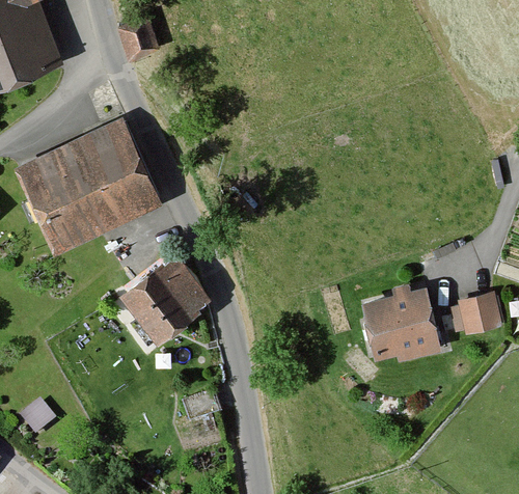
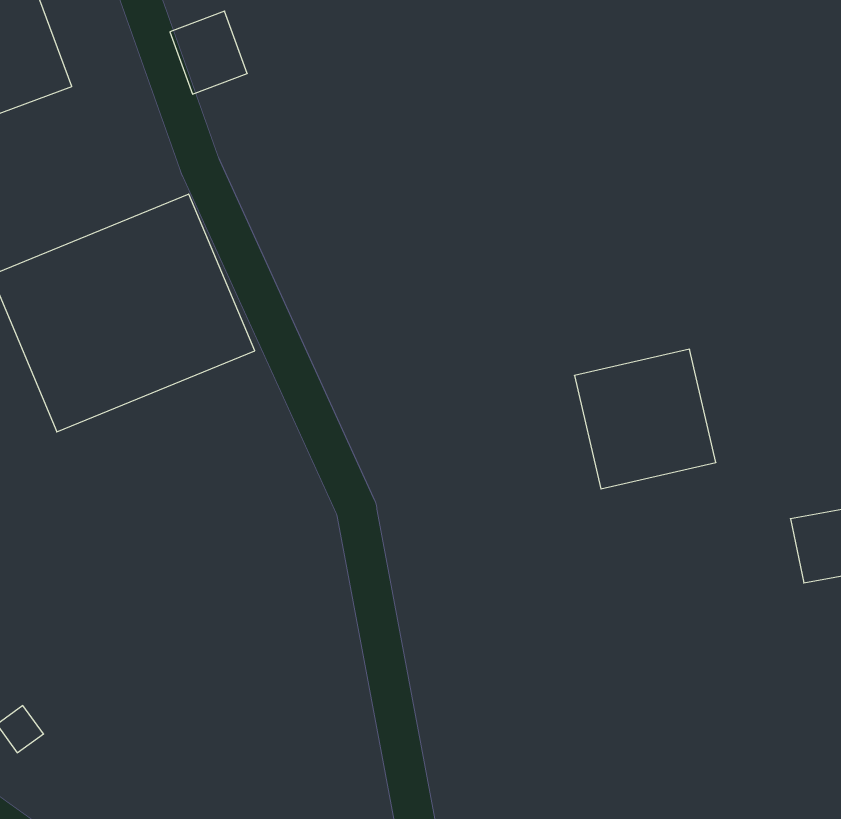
building: [116,254,210,346] -> none
building: [363,286,441,363] -> [574,349,716,489]

